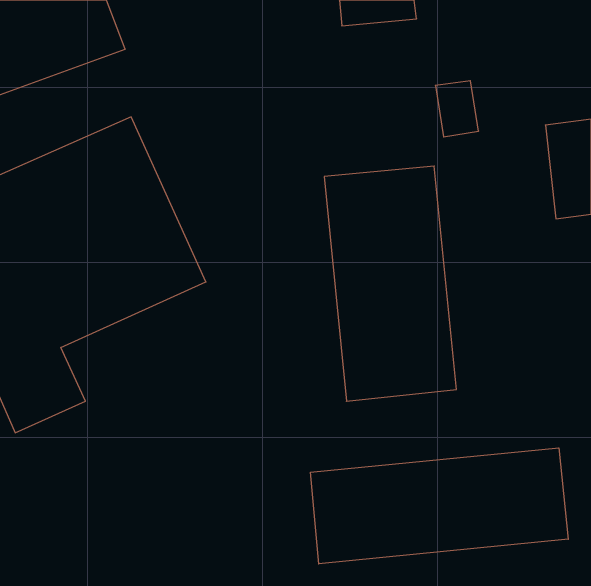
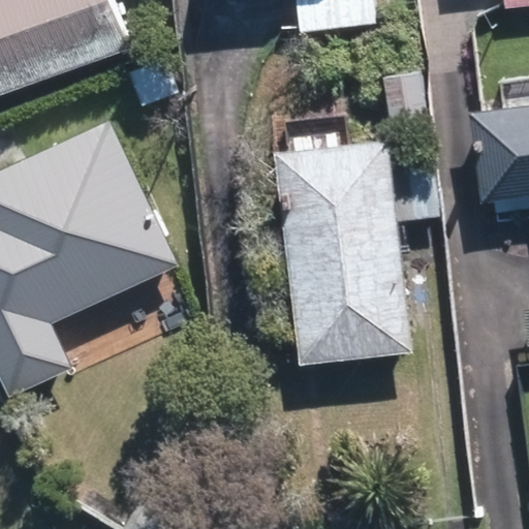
building: [311,448,568,564] -> none

